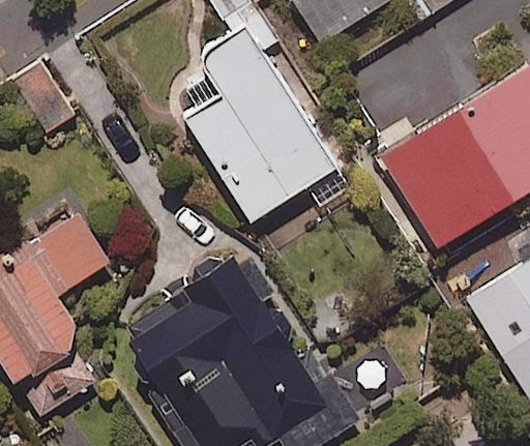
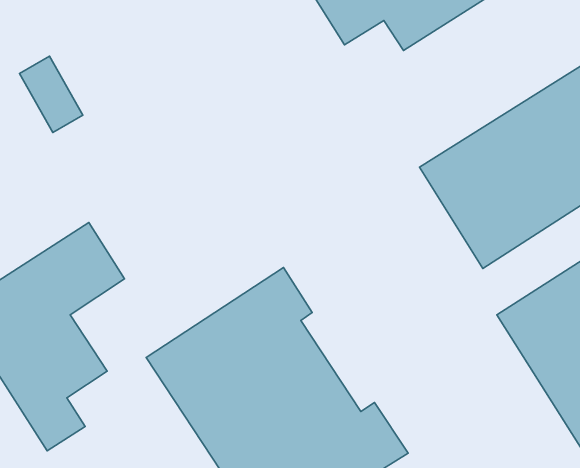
building: [187,27,335,221] -> none

